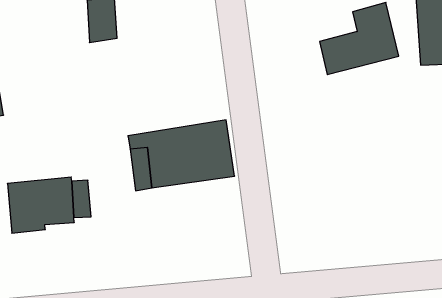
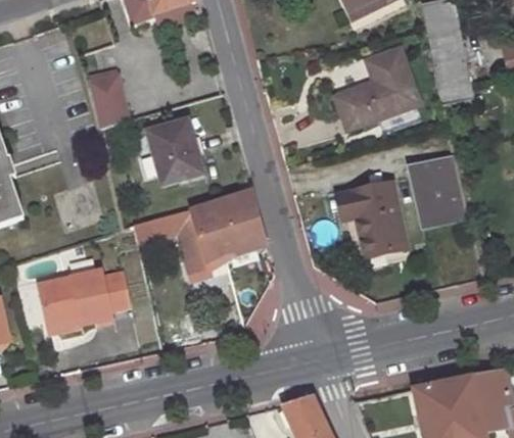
building: none -> [144,117,201,179]
building: none -> [408,153,467,225]
building: none -> [337,182,409,258]

